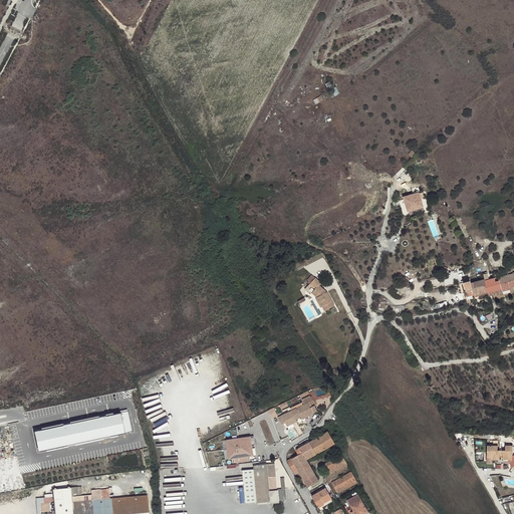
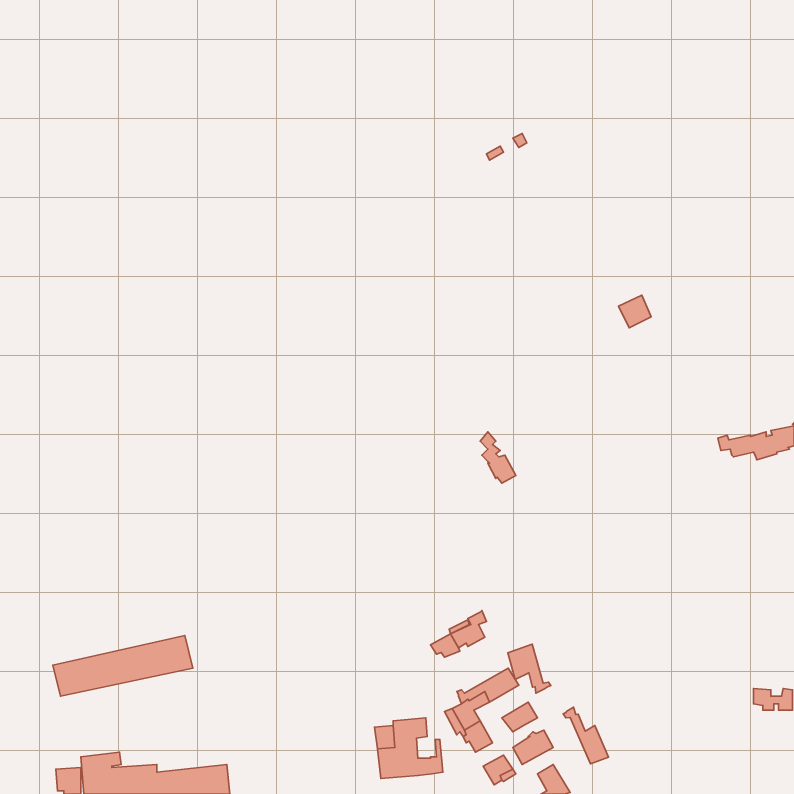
building: none -> [508,644,551,693]
building: [226,436,254,463] -> none
building: none -> [563,707,609,764]

